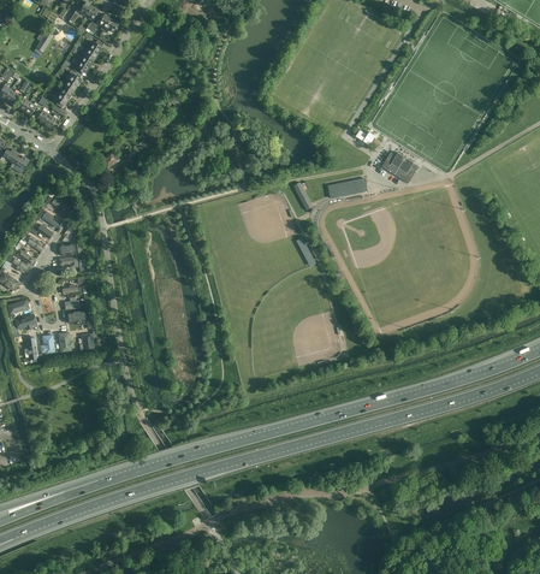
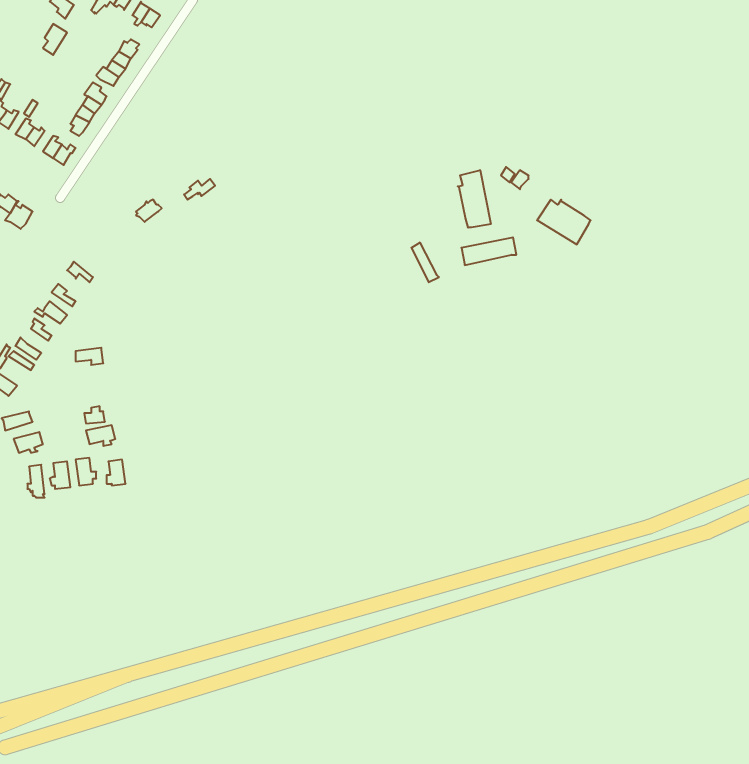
building: none -> [458,170,491,228]

